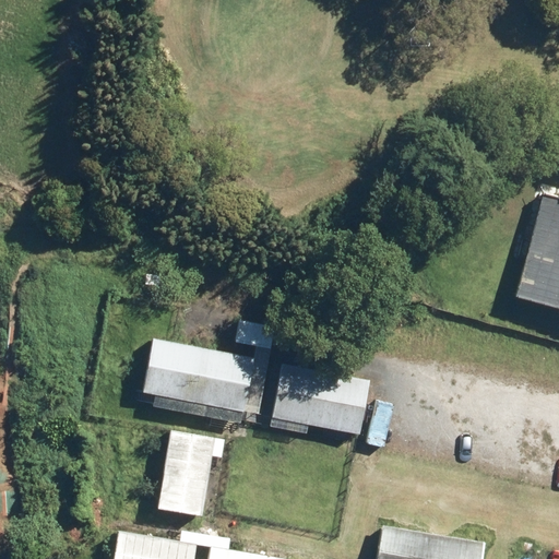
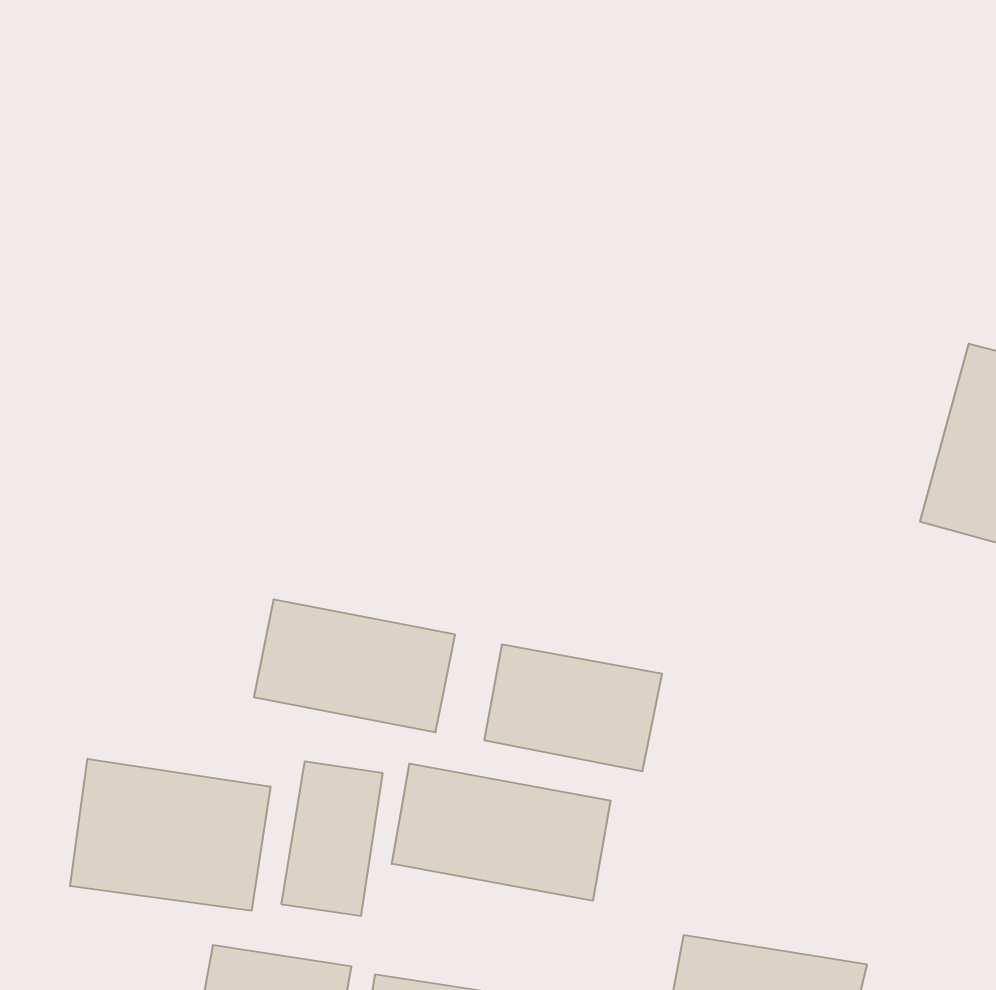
building: none -> [70,759,270,911]
building: none -> [392,764,611,901]

